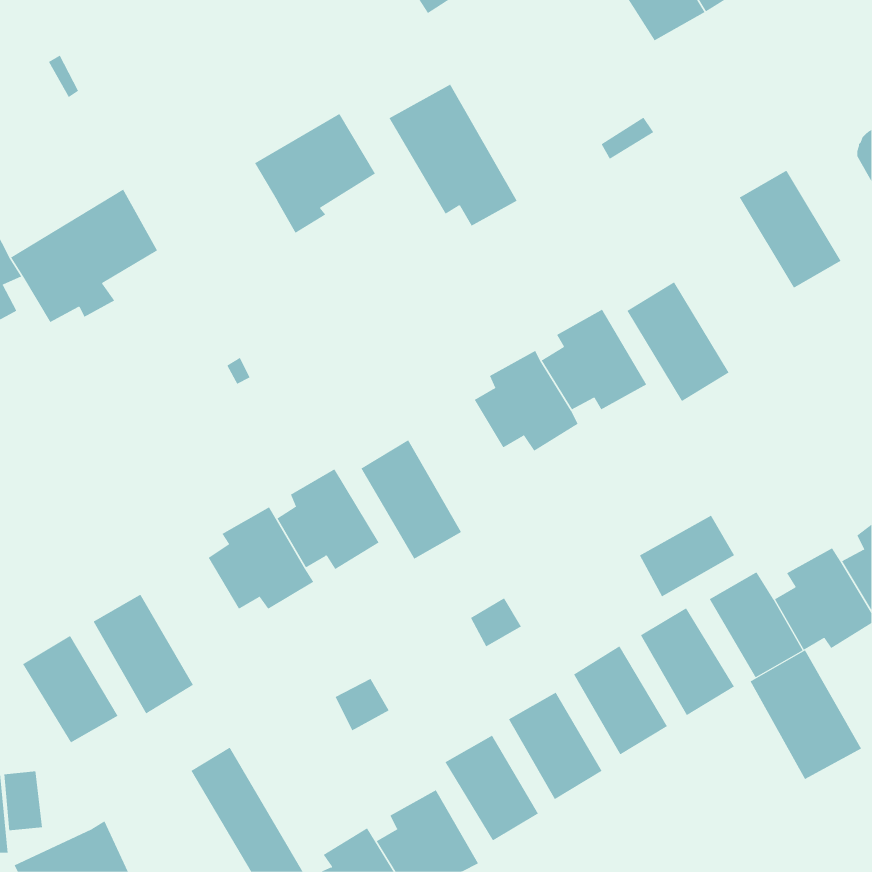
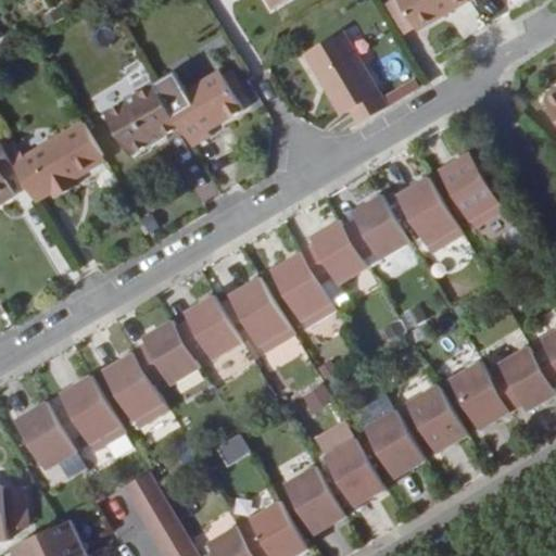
building: [389,84,517,226] -> [302,34,383,124]
building: none -> [101,85,175,156]
building: [739,170,842,288] -> [440,153,505,228]
building: none -> [269,253,334,329]
building: [639,515,735,597] -> none
building: none -> [101,353,166,429]
building: [750,650,862,780] -> none

